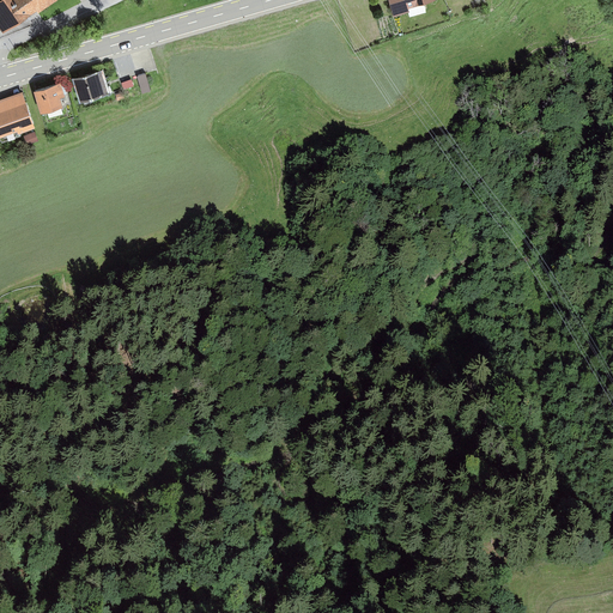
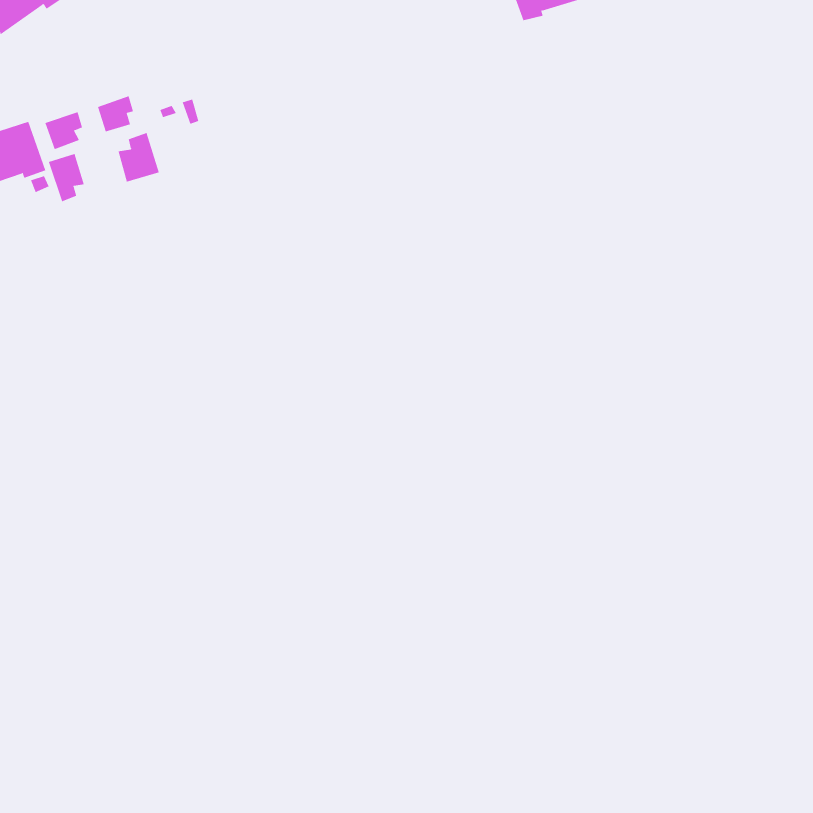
building: none -> [118,132,160,183]
building: none -> [48,153,84,202]

